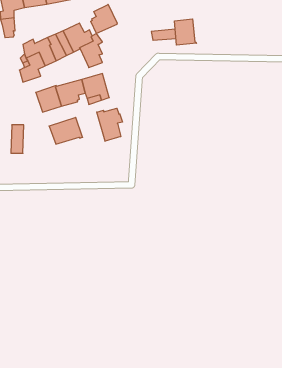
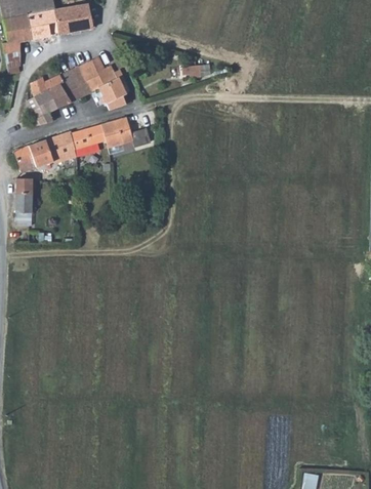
building: [91,4,117,33] -> none
building: [175,19,196,45] -> none
building: [97,108,122,141] -> none
building: [49,117,83,144] -> [15,139,55,171]

